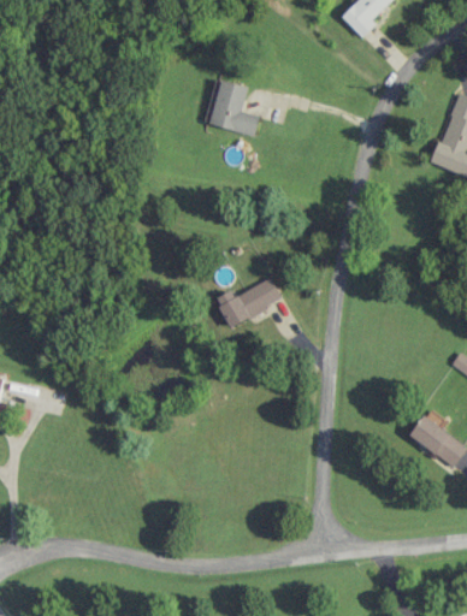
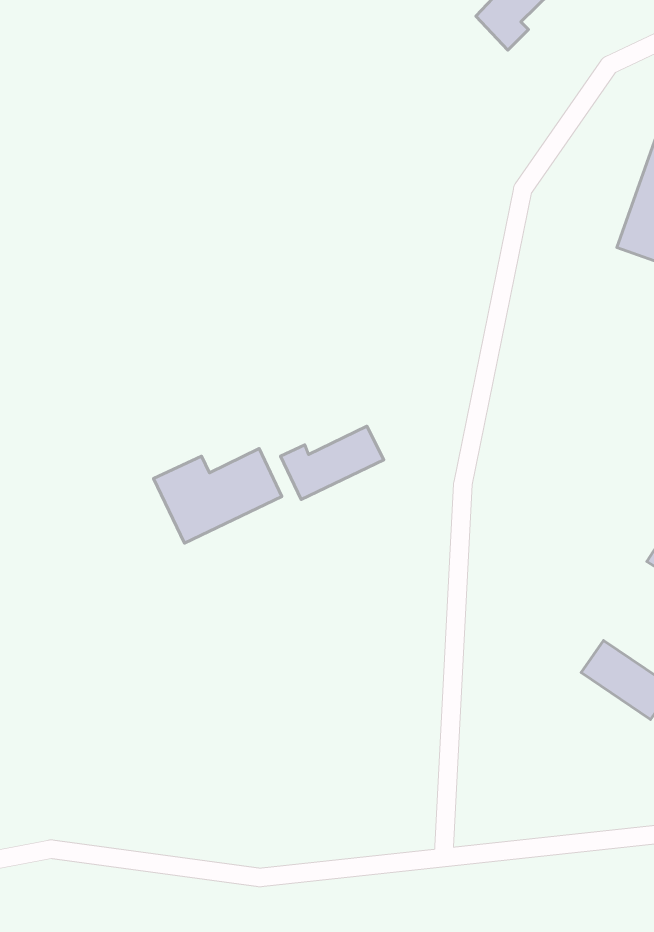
building: [205,77,260,135] -> none
building: none -> [153,448,282,543]

